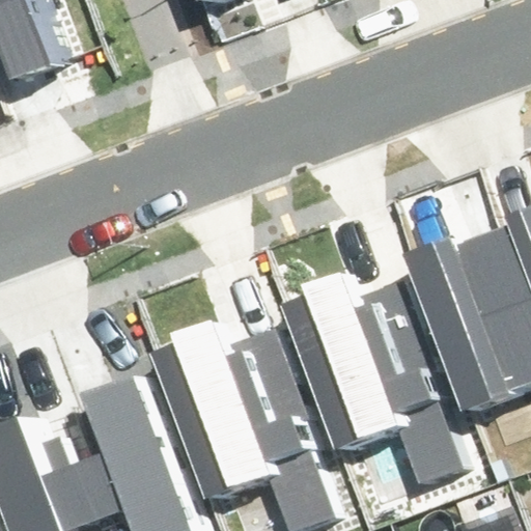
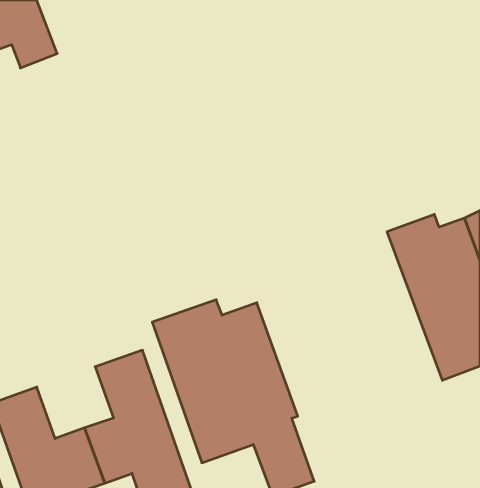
building: [284,273,459,483] -> none

